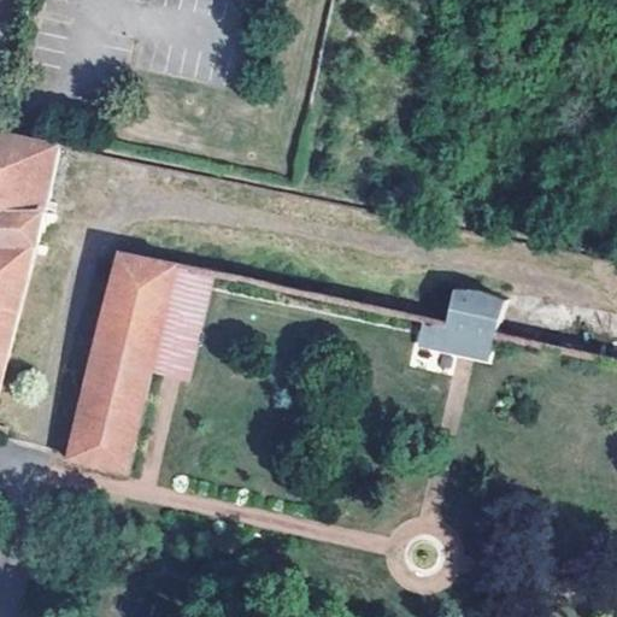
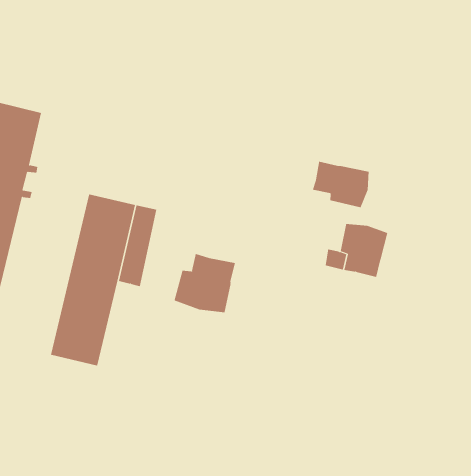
building: none -> [312,161,369,208]
building: none -> [174,253,235,313]

